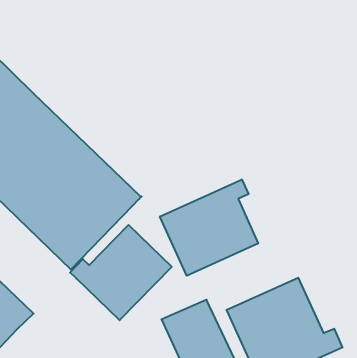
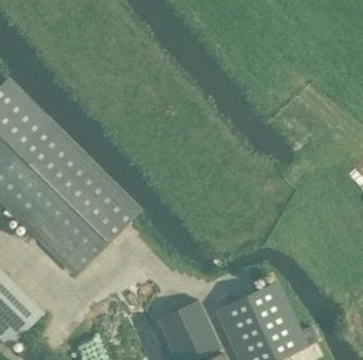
building: [160,179,258,276] -> none
building: [70,225,172,320] -> none

